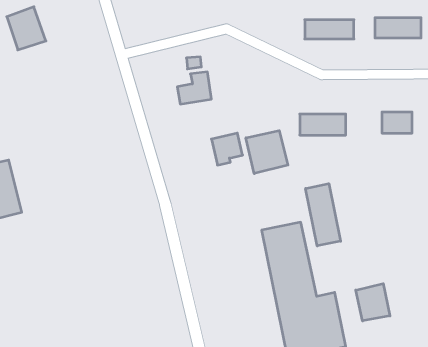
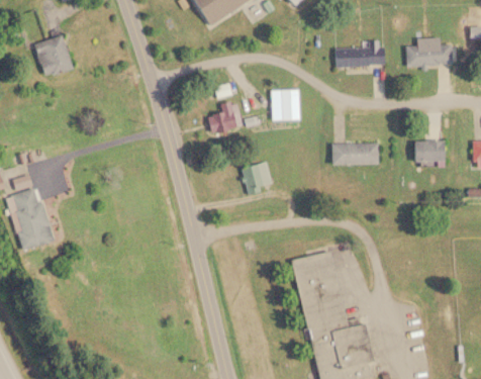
building: none -> [281,88,299,120]
building: [246,131,288,174] -> none
building: [306,184,341,246] -> none
building: [356,284,390,321] -> none

